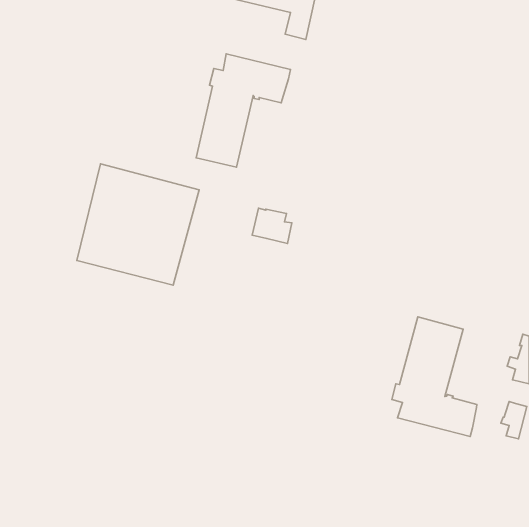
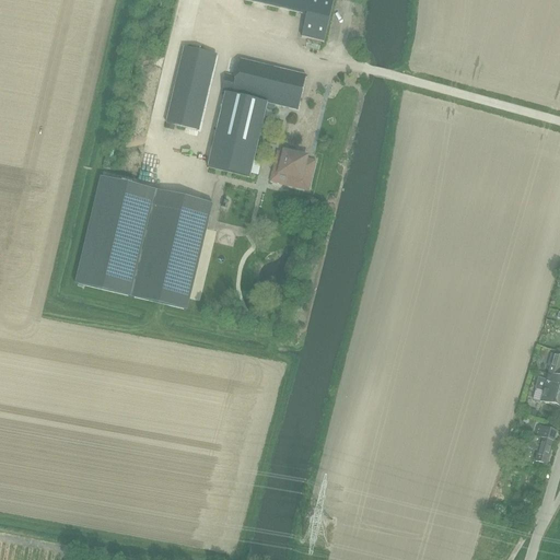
building: none -> [164,46,217,129]
building: [252,208,292,244] -> [270,150,312,187]
building: [392,317,477,437] -> none

